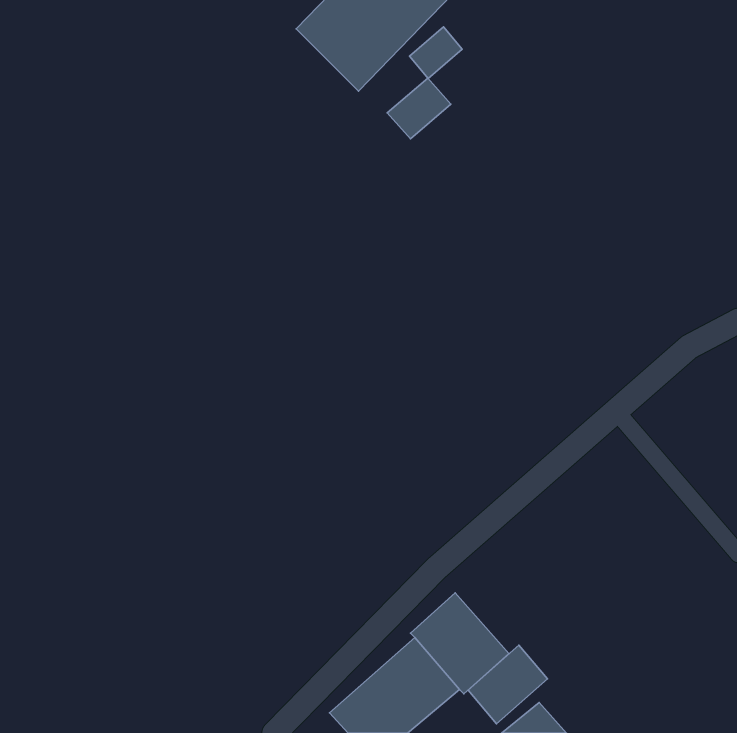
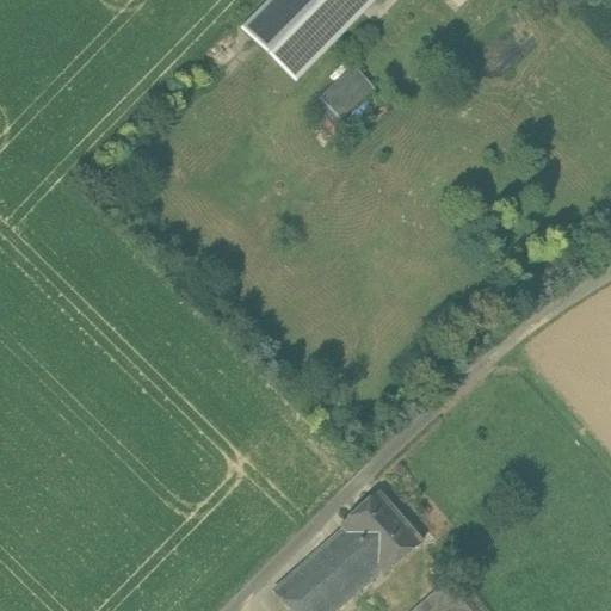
building: [410,27,462,78] -> none
building: [468,645,547,724] -> none

